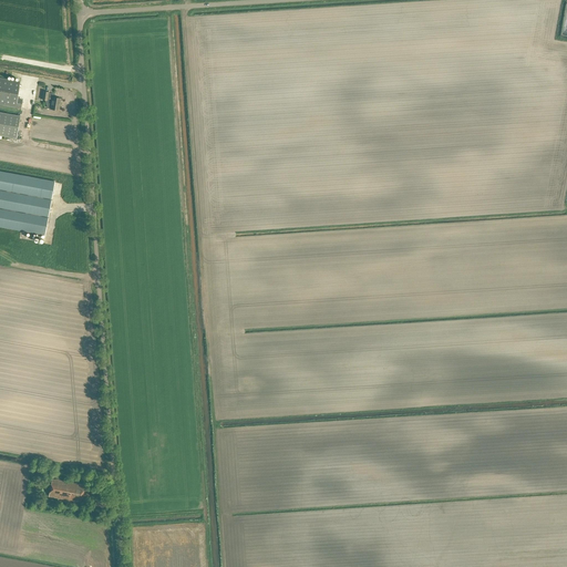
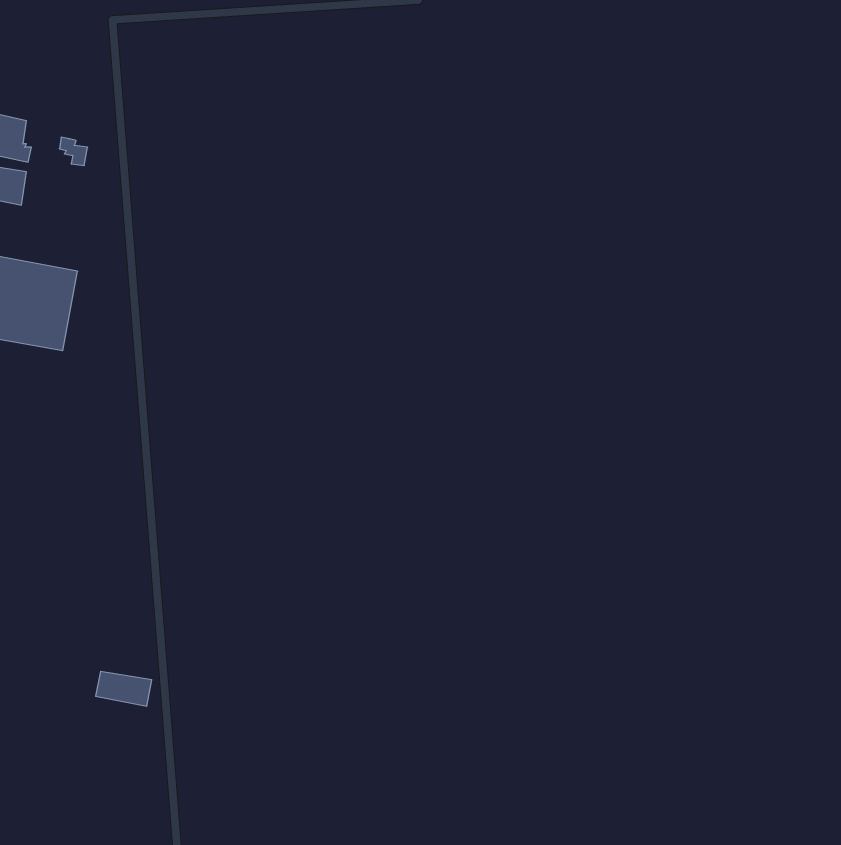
building: [47,480,84,503] -> [96,671,152,706]

